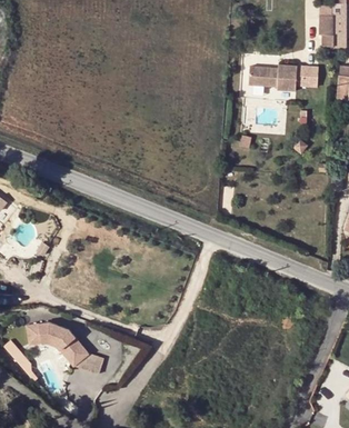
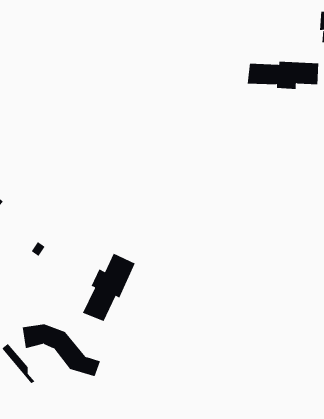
building: none -> [82,253,136,322]

